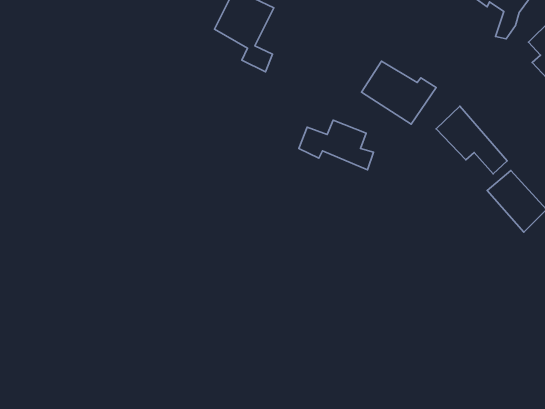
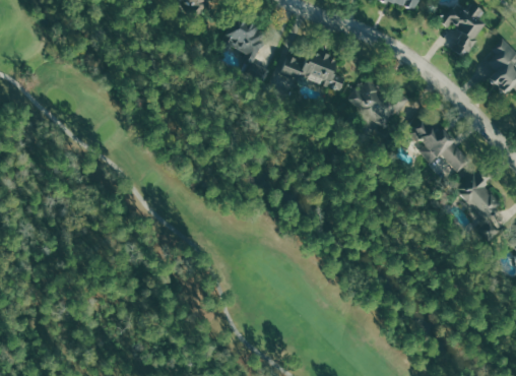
building: [299,120,373,170] -> [278,50,342,92]

